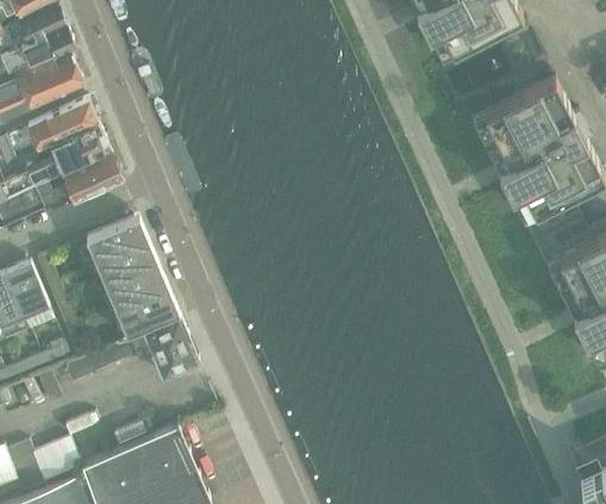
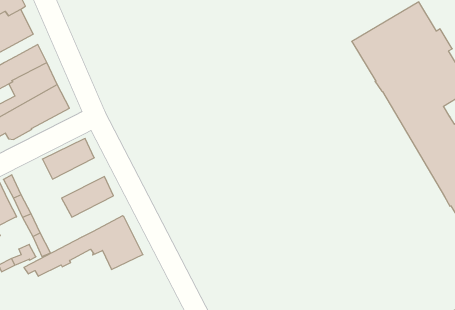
building: [96,241,160,287] -> none
building: [117,288,180,336] -> none

